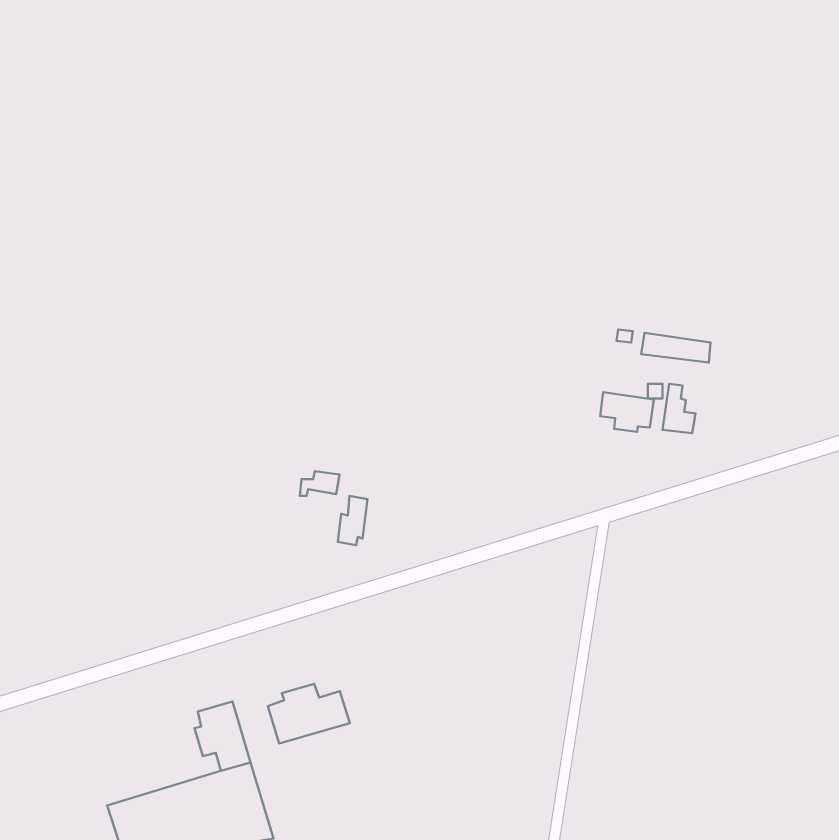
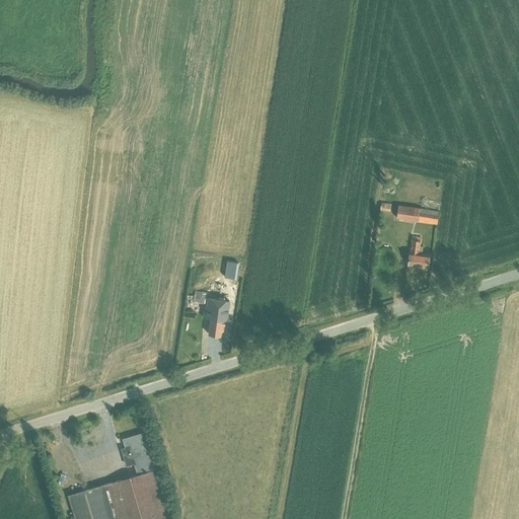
building: [600,392,654,432] -> none
building: [268,684,350,744] -> none

